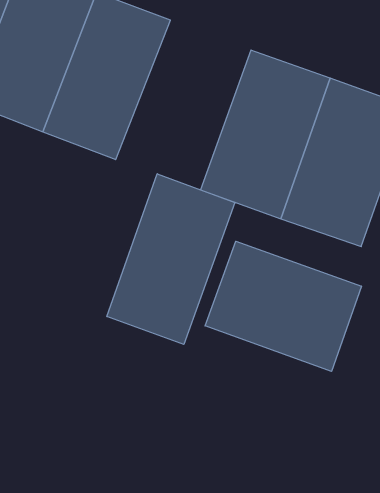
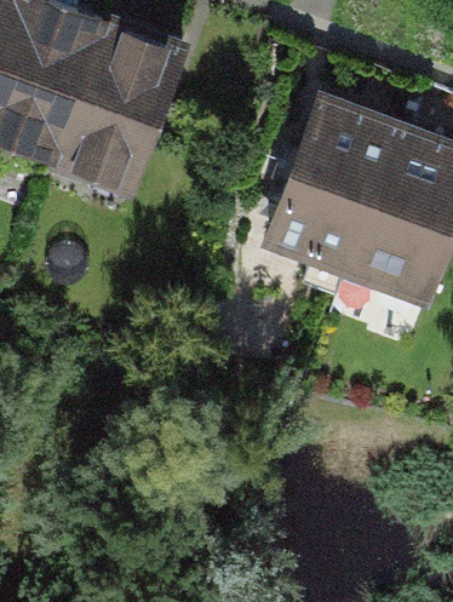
building: [107,174,235,344] -> none
building: [205,241,361,371] -> none

